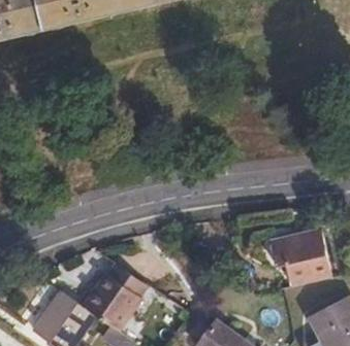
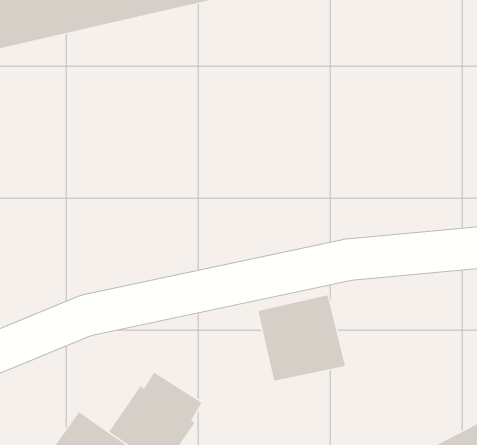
building: [269,228,331,288] -> [257,294,346,381]

